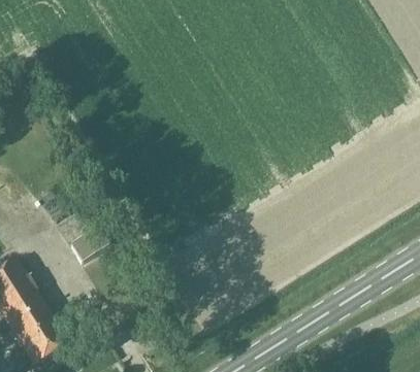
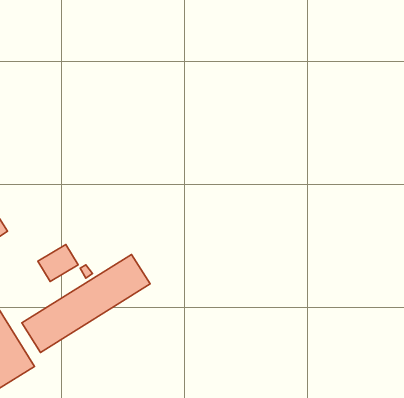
building: none -> [22,254,150,352]

